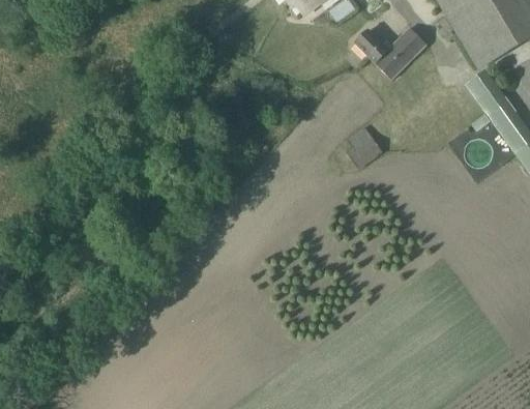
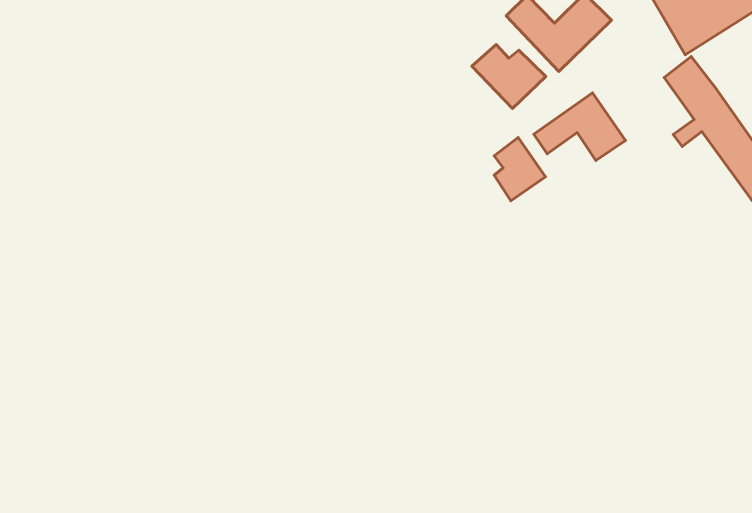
building: none -> [472,44,546,108]
building: none -> [534,93,625,161]

